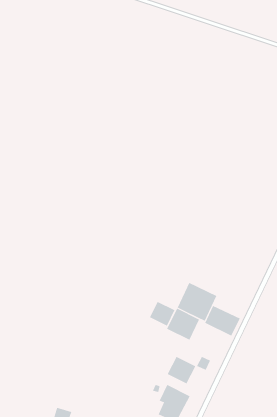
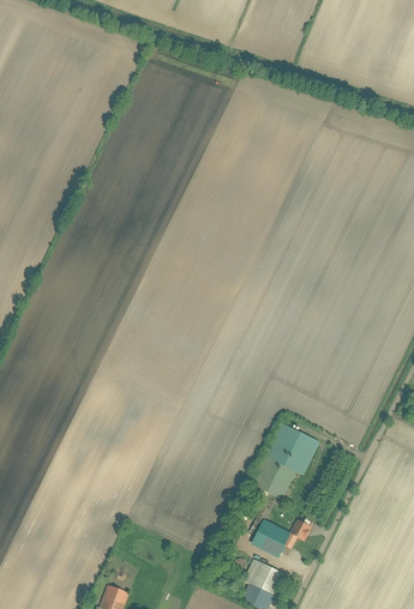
building: [149,301,175,326] -> none
building: [205,305,240,337] -> none

